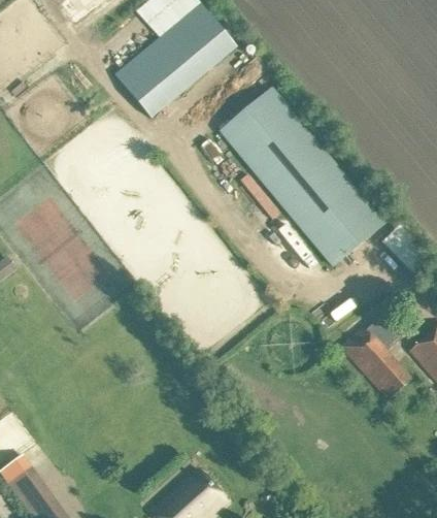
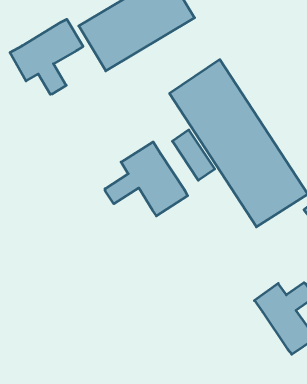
building: none -> [10,19,83,94]
building: none -> [105,142,188,216]

